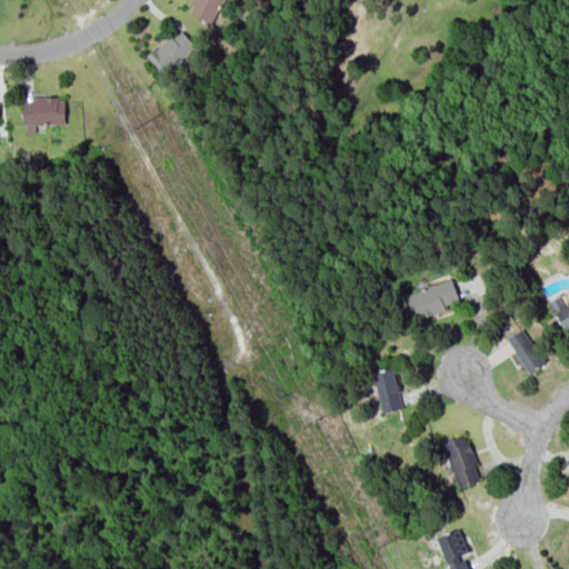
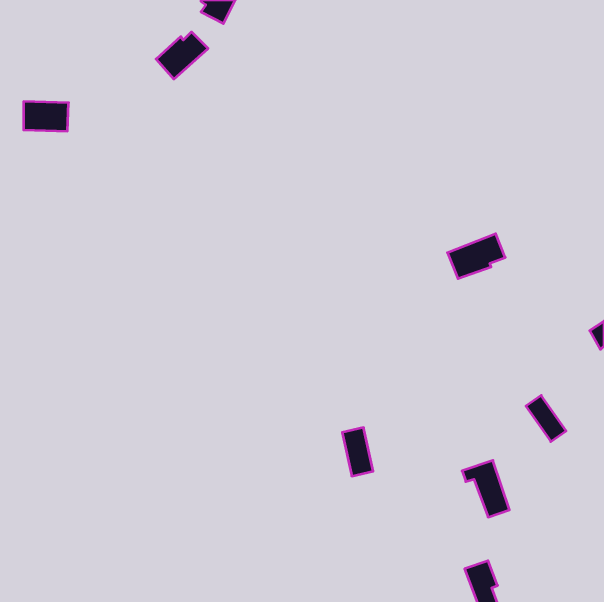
building: [405,278,459,320] -> [447,234,505,279]
building: [507,329,545,372] -> [526,395,566,442]
building: [373,367,402,412] -> [342,428,373,476]

